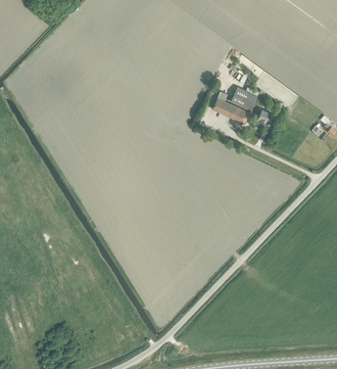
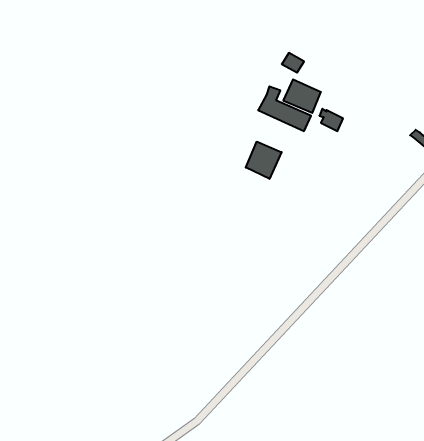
building: none -> [246,142,282,179]

